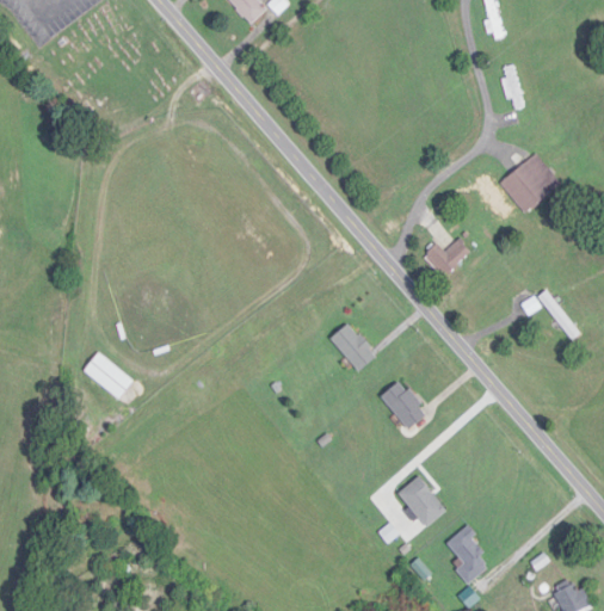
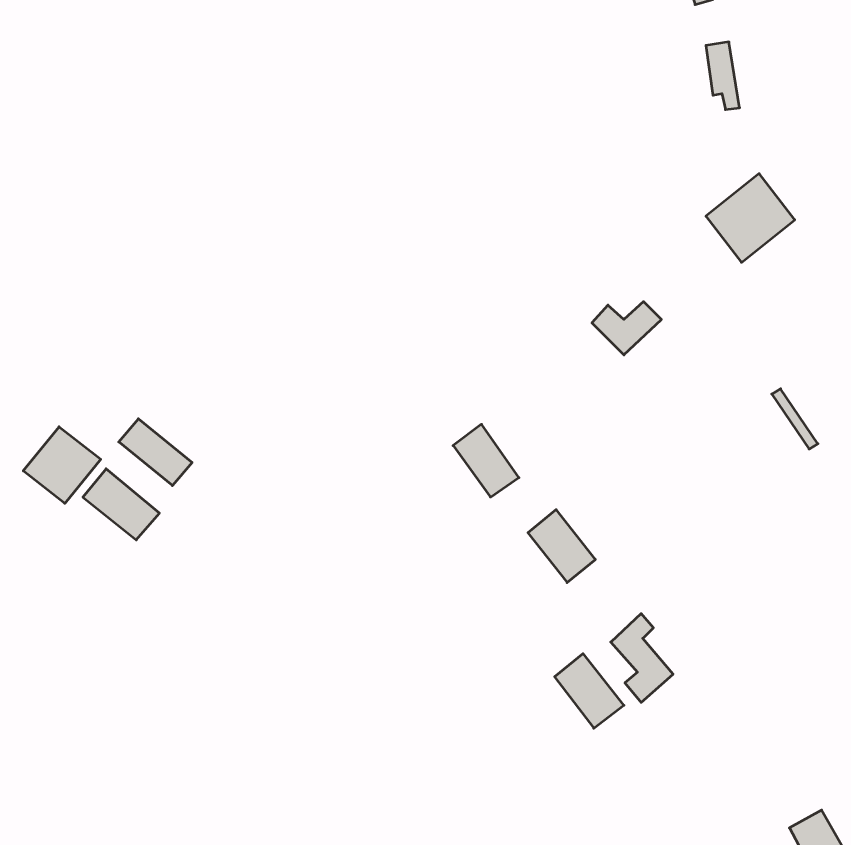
building: none -> [119,419,192,486]
building: none -> [23,427,101,503]
building: [446,524,488,584] -> [611,614,673,702]

